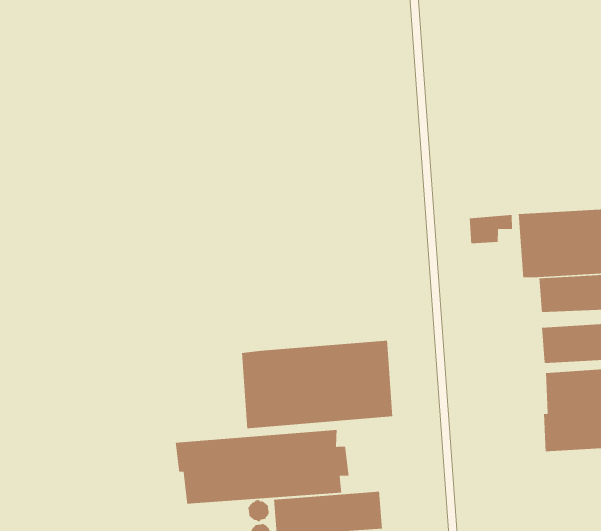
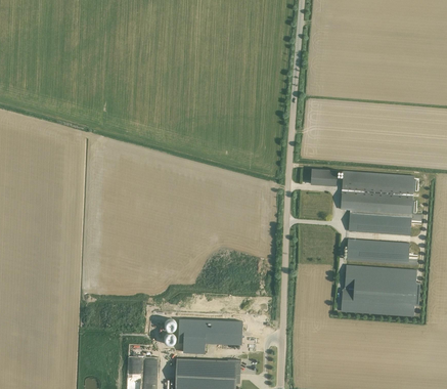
building: [241,340,393,429] -> none
building: [175,429,349,504] -> none

